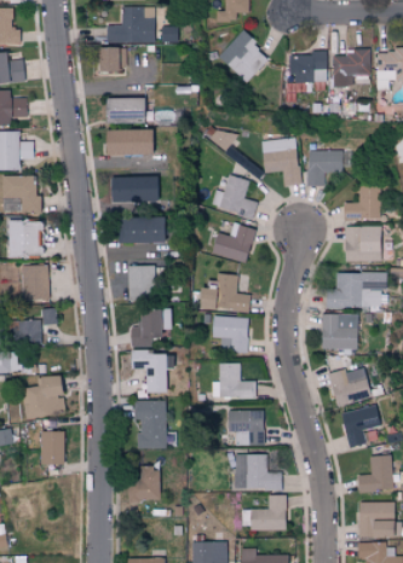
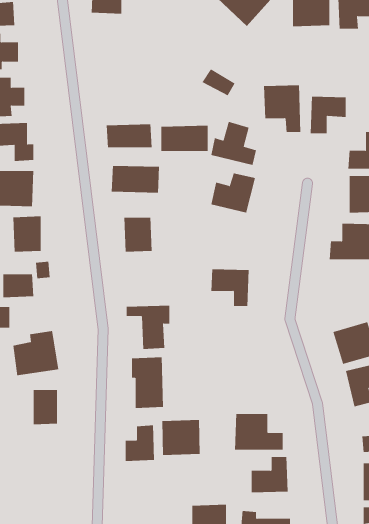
building: [106,98,144,122] -> none
building: [105,129,151,155] -> [161,125,209,152]
building: [200,273,251,312] -> none
building: [131,308,172,346] -> none
building: [322,314,357,349] -> none
building: [213,362,258,399] -> none
building: [228,410,265,446] -> none
building: none -> [162,419,200,456]

